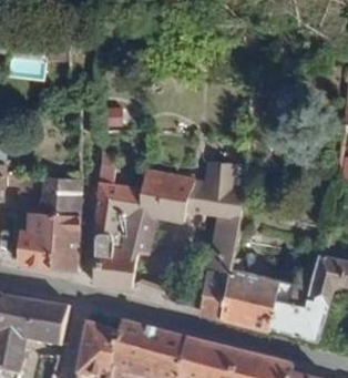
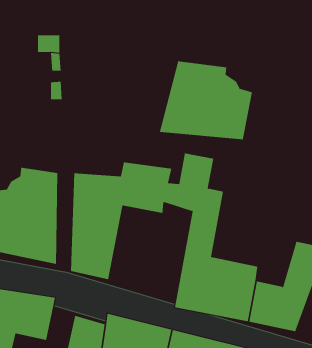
building: none -> [159,60,252,140]

